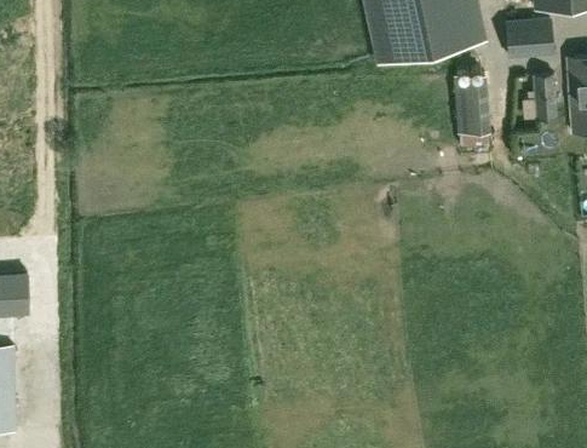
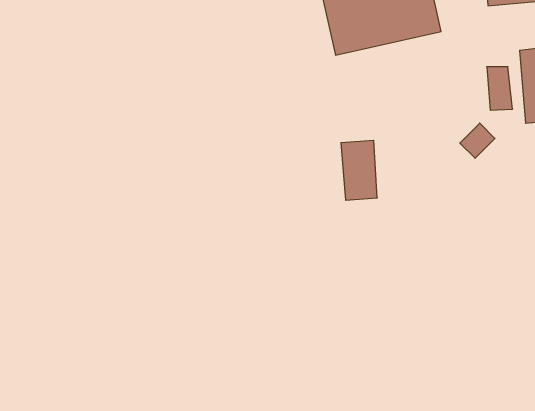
building: [506,21,553,61] -> none
building: [453,75,490,137] -> [341,140,377,200]

